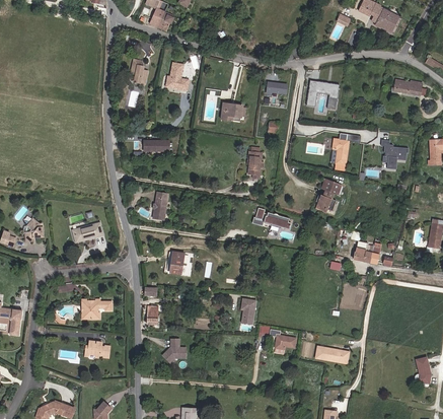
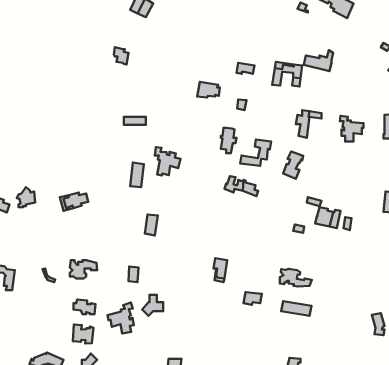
building: [168,65,191,92] -> none
building: [393,73,426,96] -> [304,50,333,71]
building: none -> [240,139,271,166]
building: none -> [155,147,180,176]
building: none -> [280,269,312,287]
building: none -> [108,303,134,333]
building: none -> [73,324,93,344]

